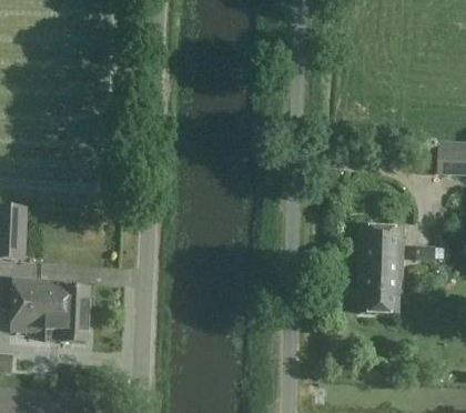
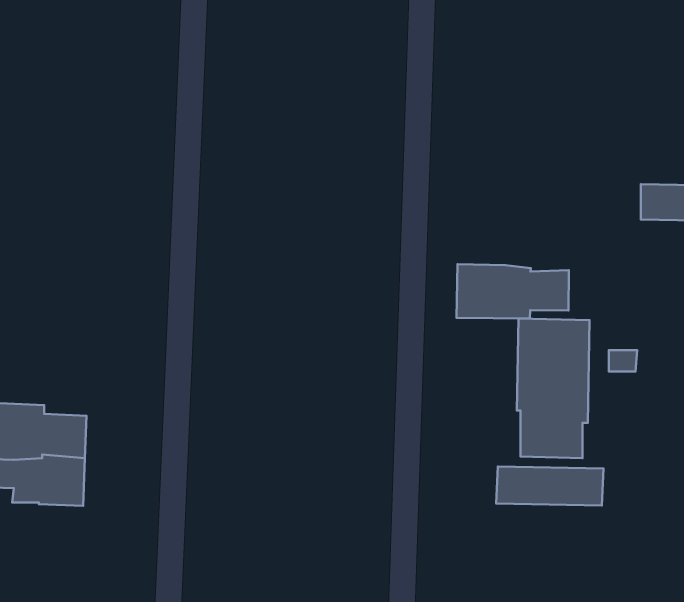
building: none -> [456,264,569,319]
building: none -> [496,466,603,506]

